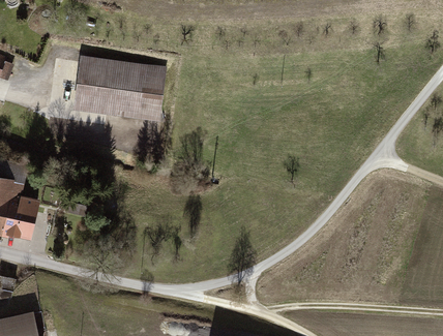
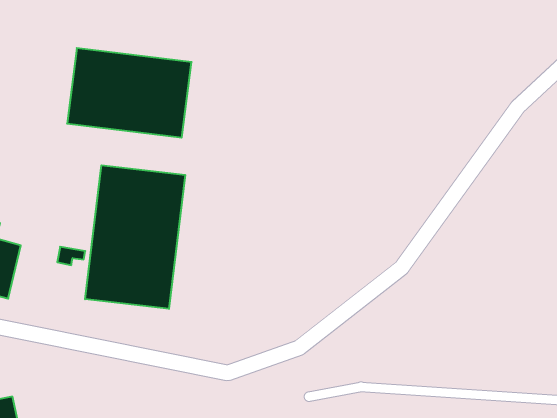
building: none -> [85,165,185,309]

